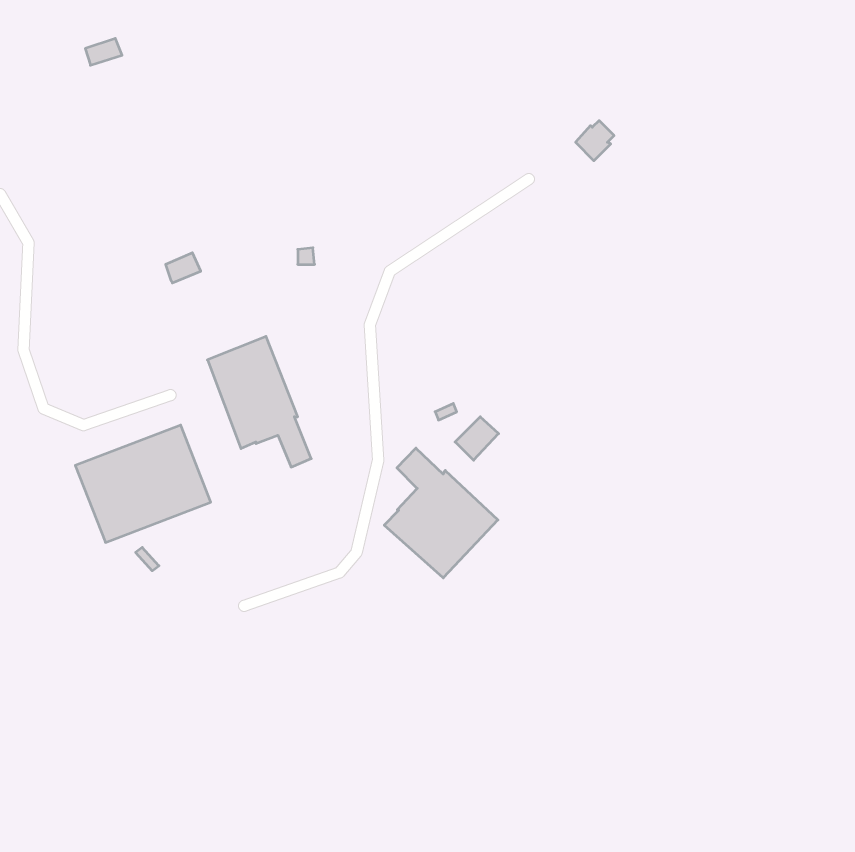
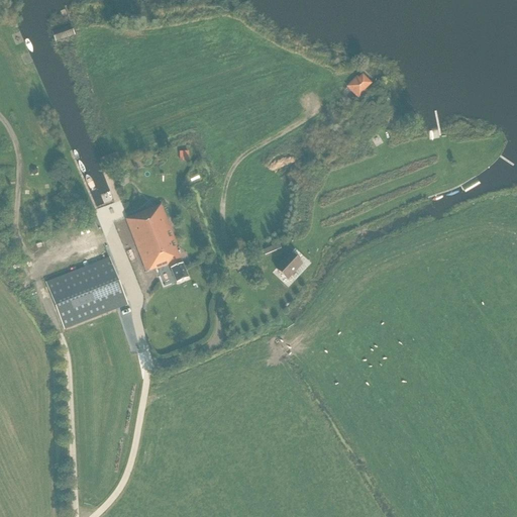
building: [384,448,498,578] -> none

